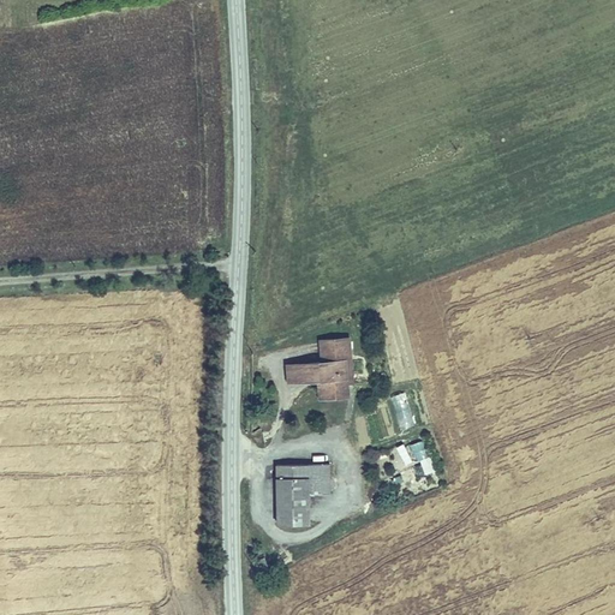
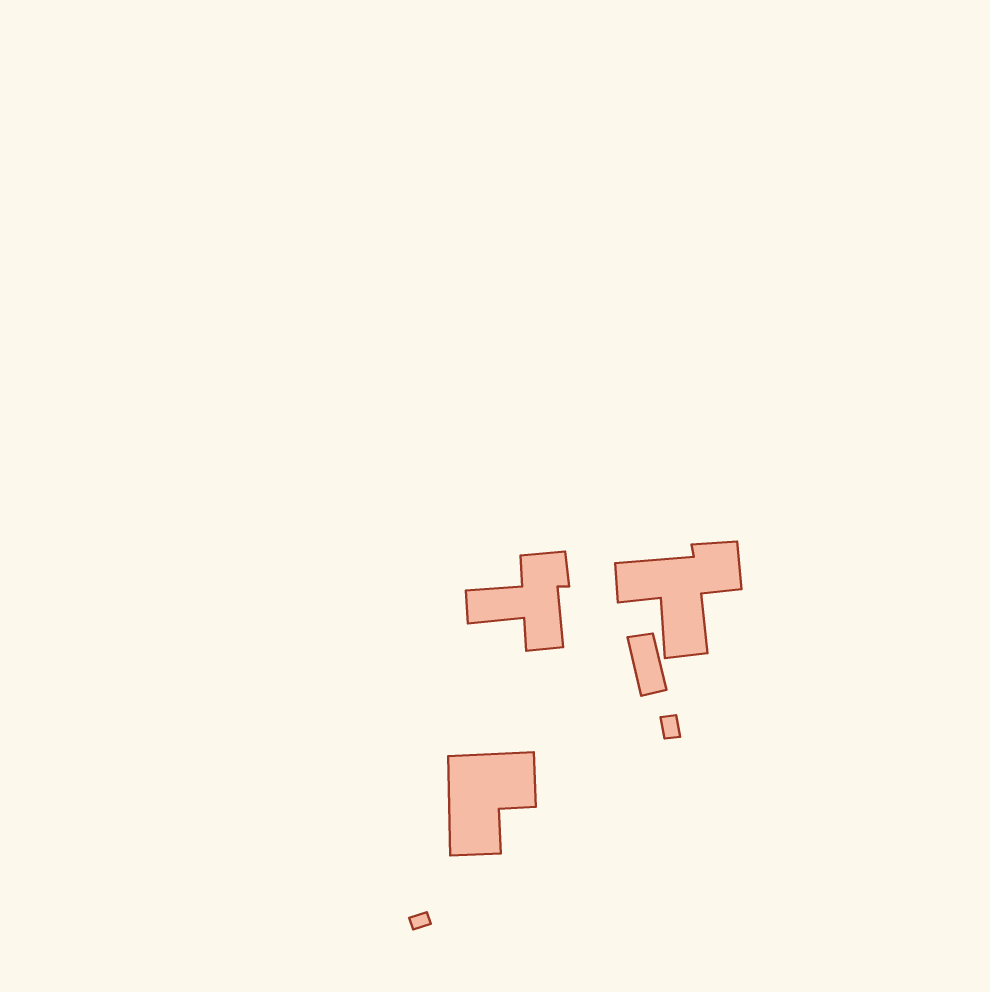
building: none -> [615,542,741,658]

